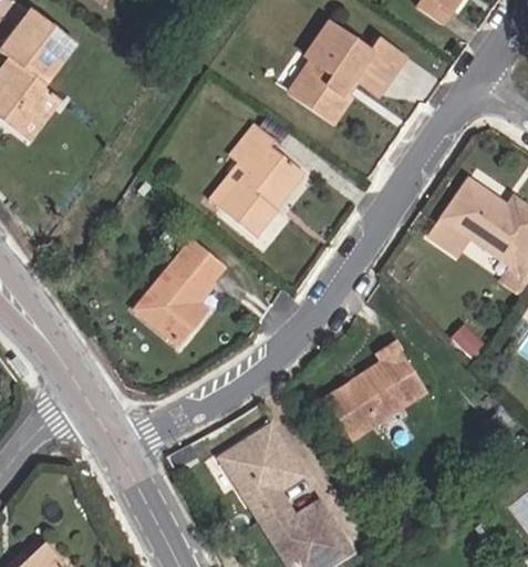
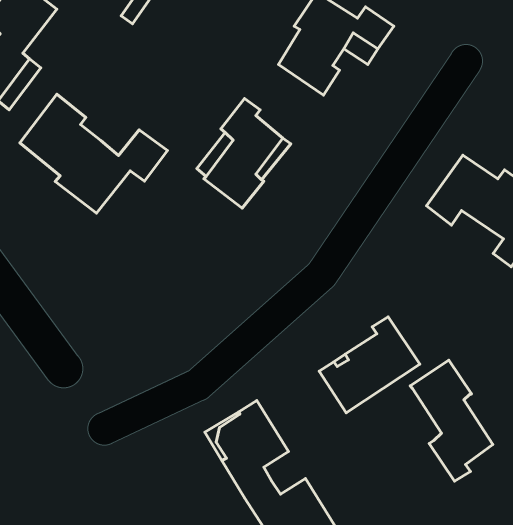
building: none -> [20,94,167,213]
building: [136,241,222,342] -> none
building: none -> [410,360,493,481]

